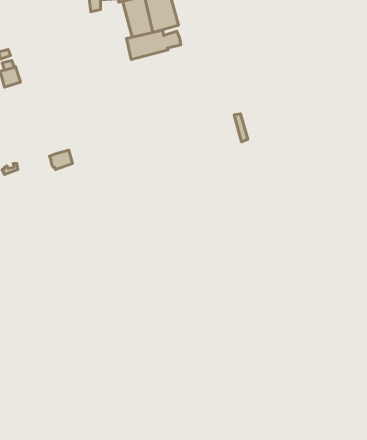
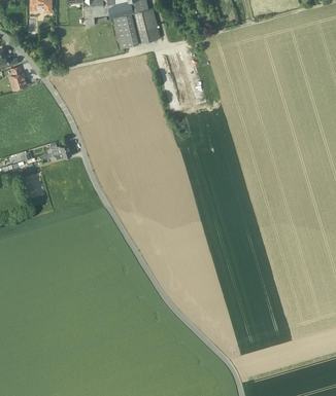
building: [127,30,181,60] -> none

